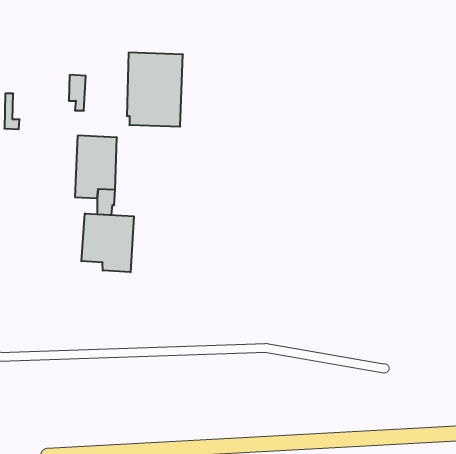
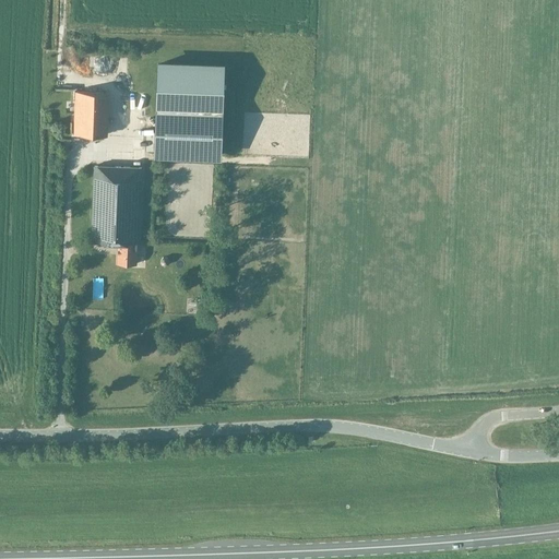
building: [4,94,20,129] -> [74,94,93,138]
building: [81,213,134,272] -> none

